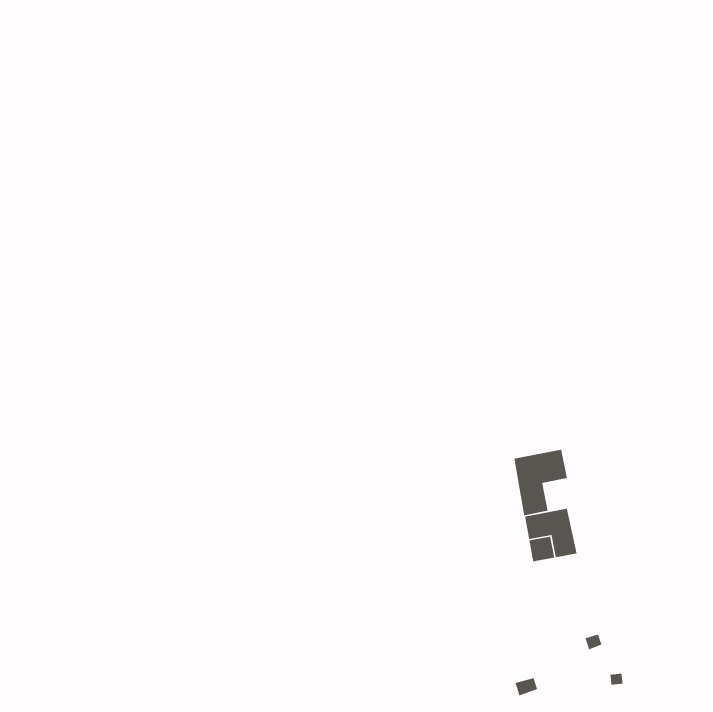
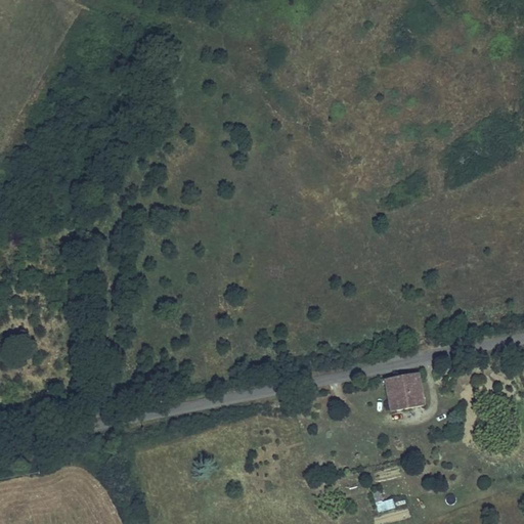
building: [513,449,568,516] -> none

